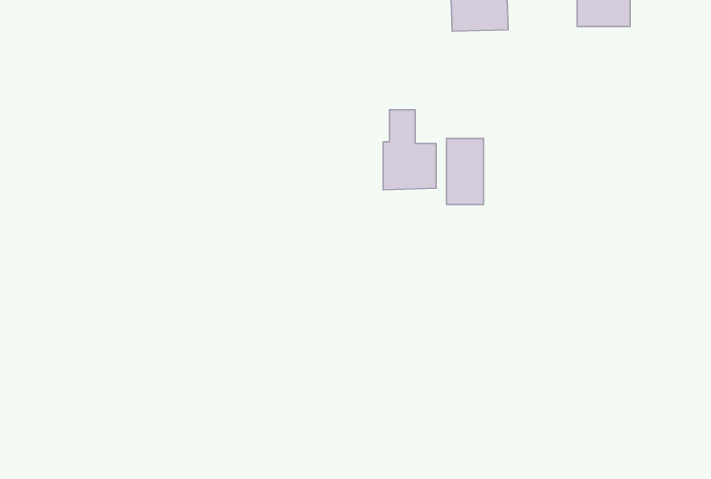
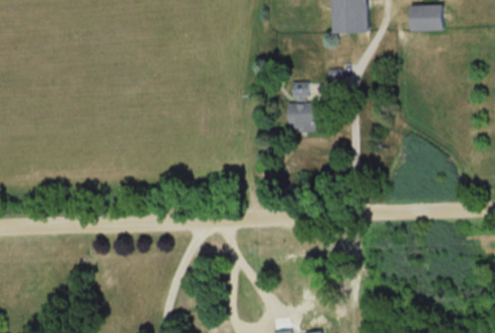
building: [447,138,483,204] -> none

